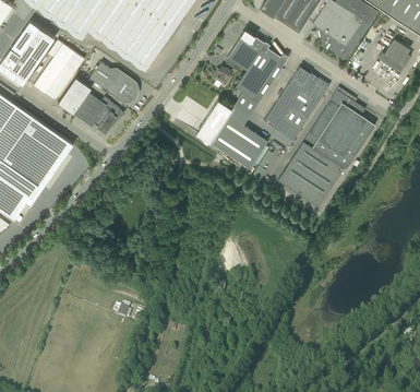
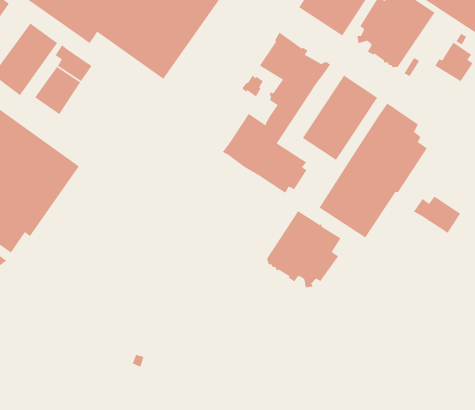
building: [88,62,136,100] -> none
building: [57,76,120,133] -> none
building: none -> [413,195,461,234]
building: none -> [266,210,342,288]

